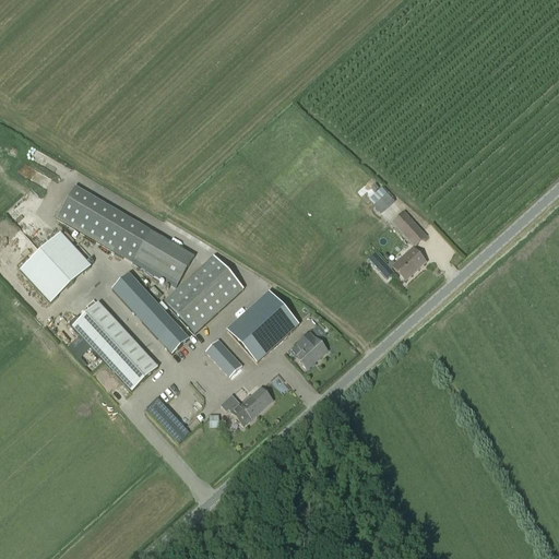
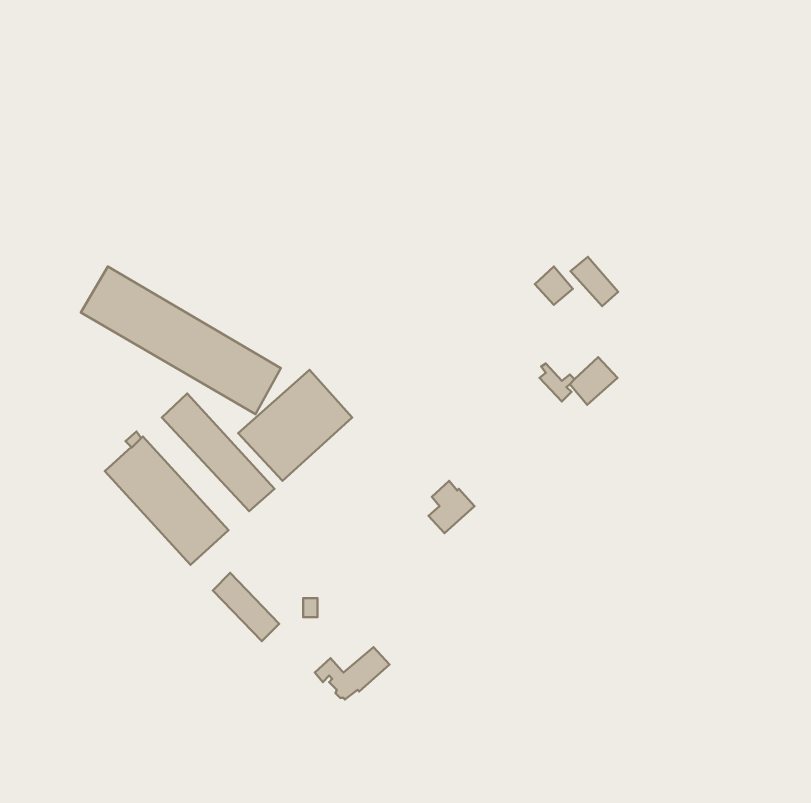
building: [392,210,425,243] -> [570,257,618,306]
building: [20,230,91,300] -> none
building: [227,290,297,360] -> none
building: [205,338,241,376] -> none
building: [221,385,272,421] -> [315,647,389,699]

